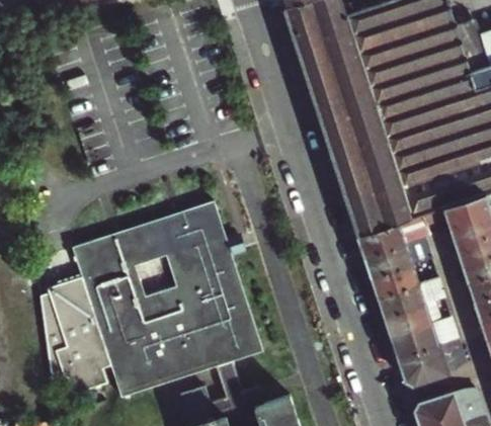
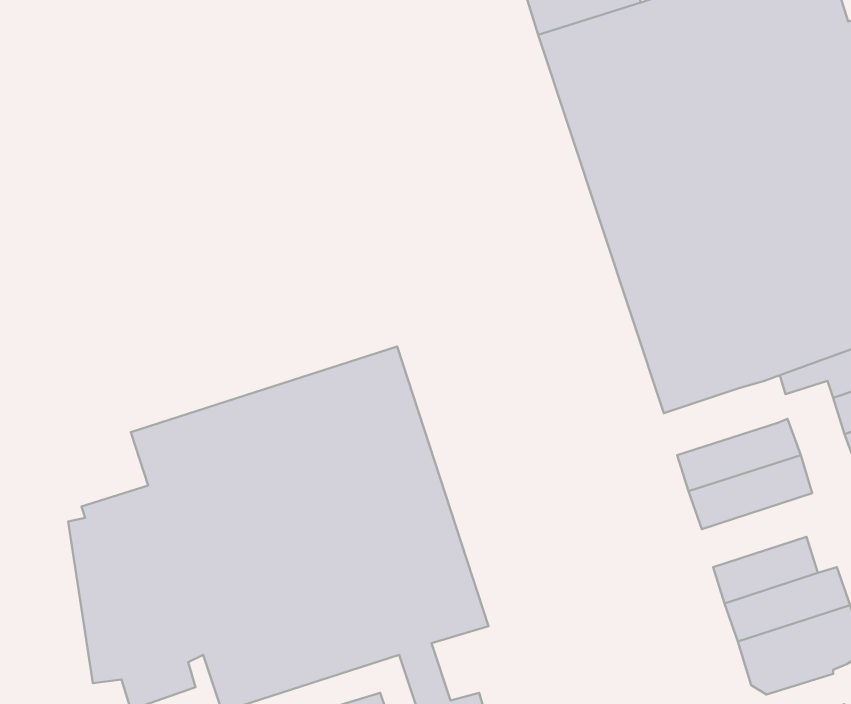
building: [357,217,426,259] -> none
building: [378,279,443,319] -> none

